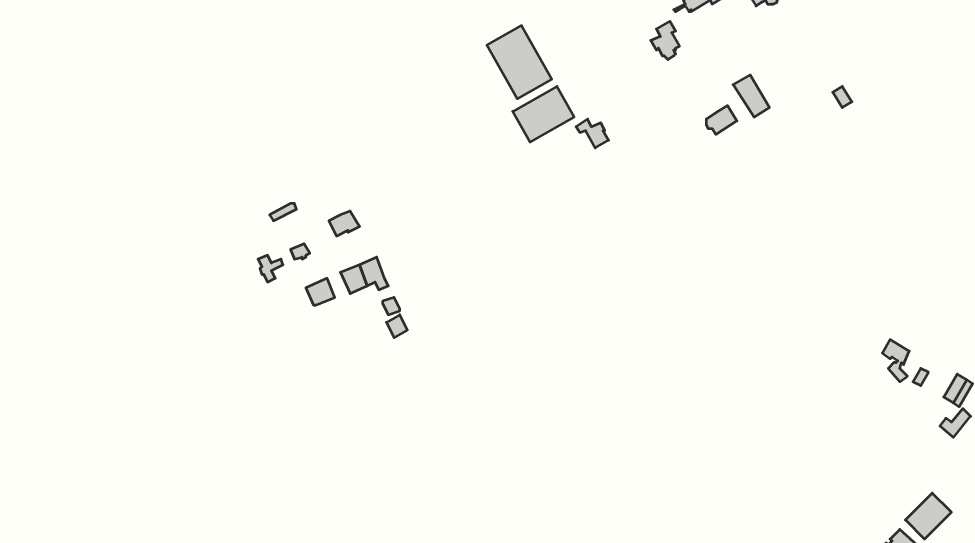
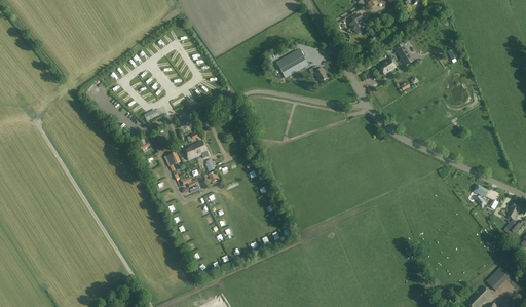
building: [487,26,552,99] -> none

